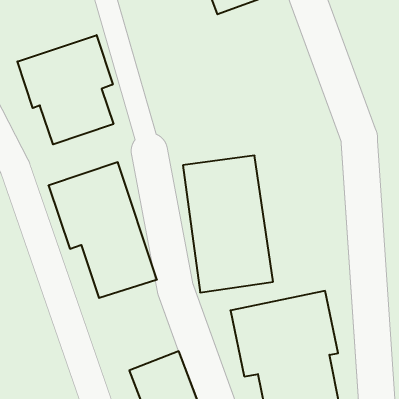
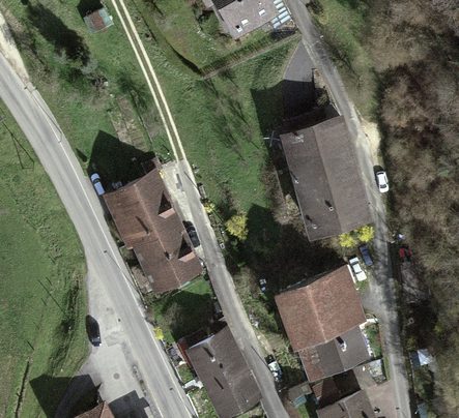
building: [17,35,113,144] -> none
building: [183,156,273,292] -> [280,119,367,240]

